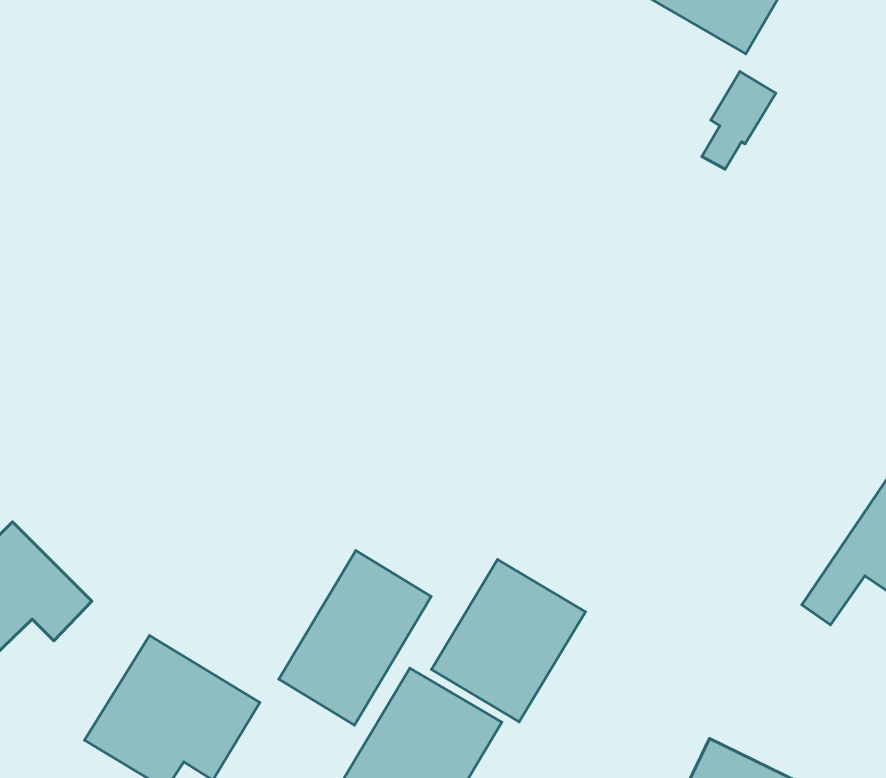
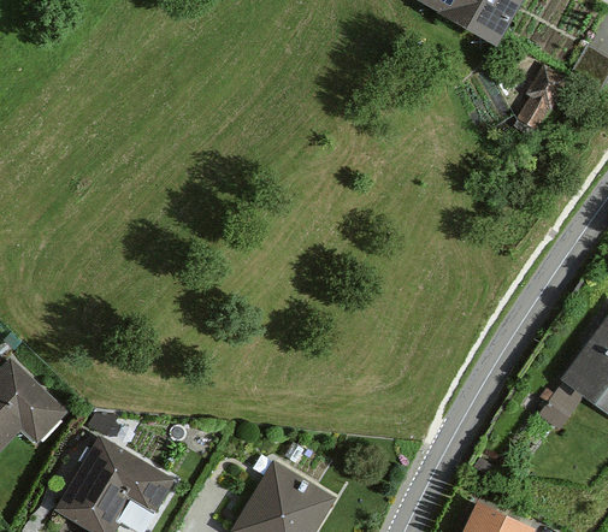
building: [702,71,776,169] -> [519,64,568,129]
building: [279,551,431,725] -> none
building: [431,560,586,722] -> none

